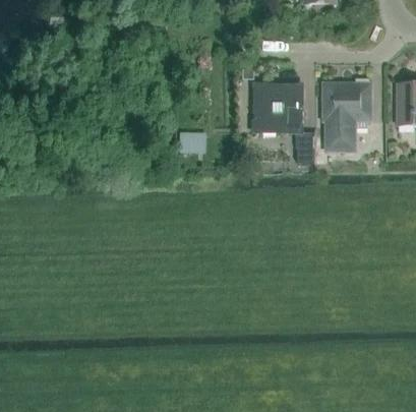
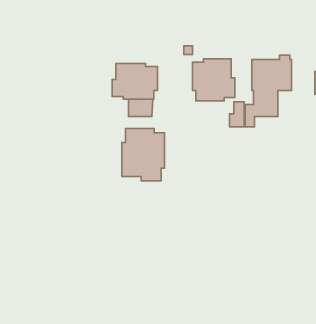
building: none -> [112,63,157,99]
building: none -> [122,128,165,181]

